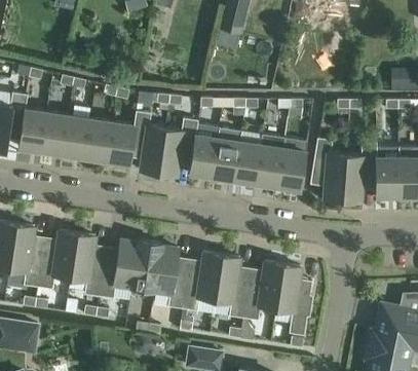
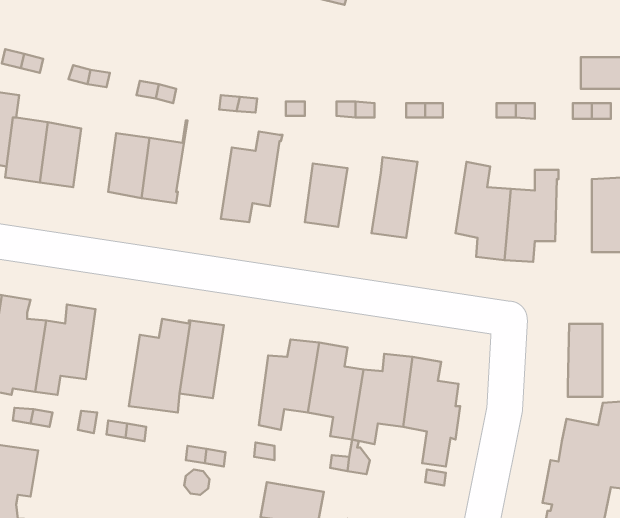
building: [129,111,165,175] -> none
building: [63,116,90,157] -> none
building: [189,124,220,177] -> none
building: [278,138,307,190] -> none
building: [234,142,262,184] -> none
building: [375,149,397,196] -> [568,324,603,397]
building: [69,233,106,296] -> none
building: [153,244,189,308] -> none

